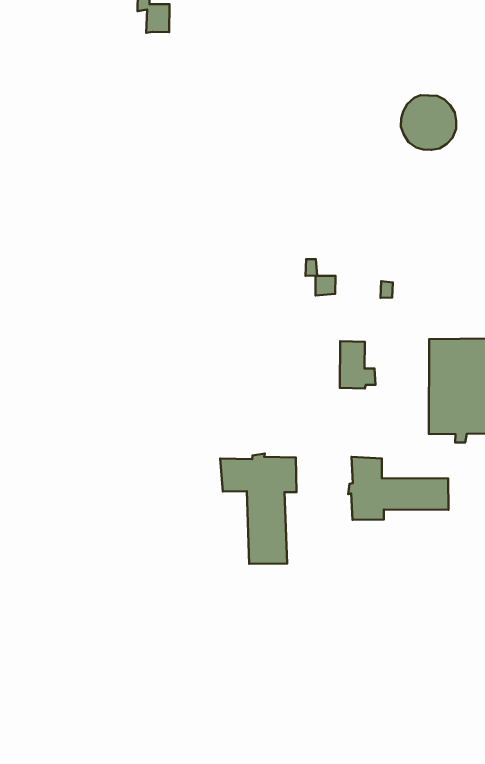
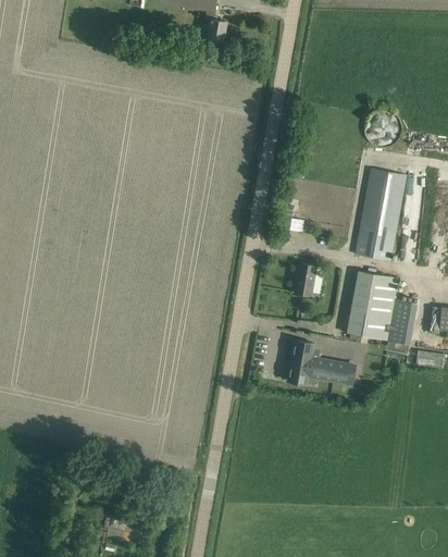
building: none -> [356,168,407,260]
building: [220,453,296,564] -> none

